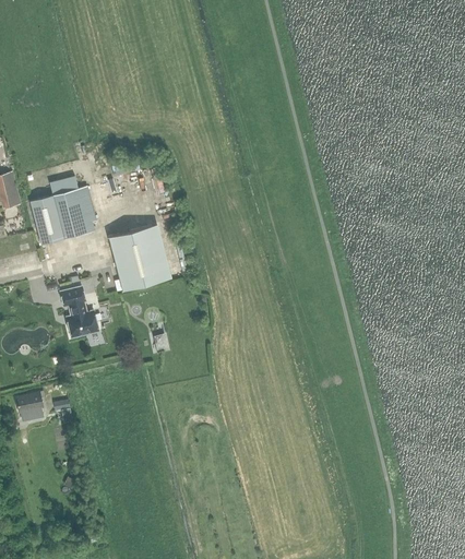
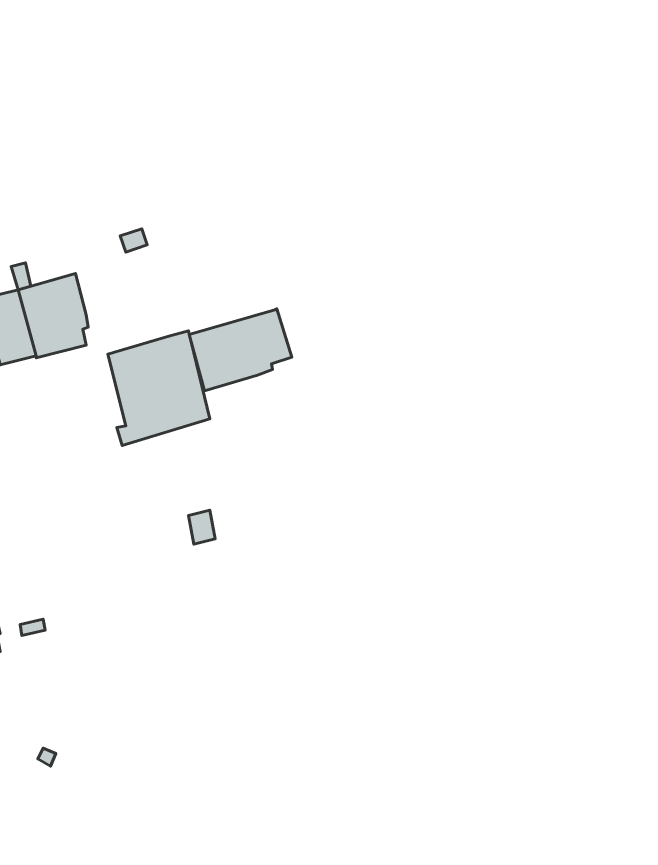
building: none -> [189,309,292,391]
building: [60,287,98,338] -> none

